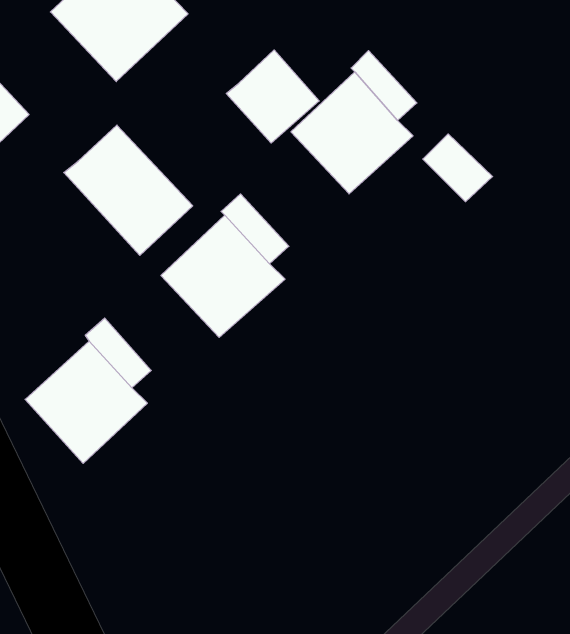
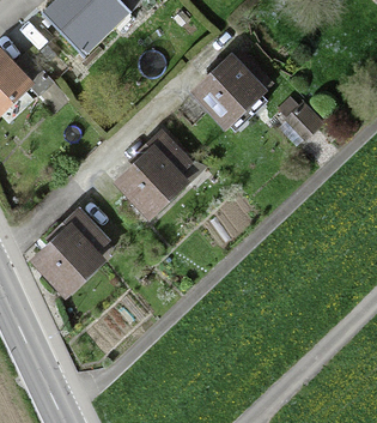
building: [226,50,319,143] -> none
building: [64,125,193,255] -> none

